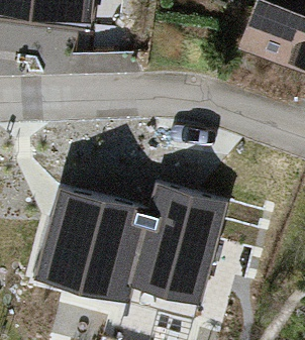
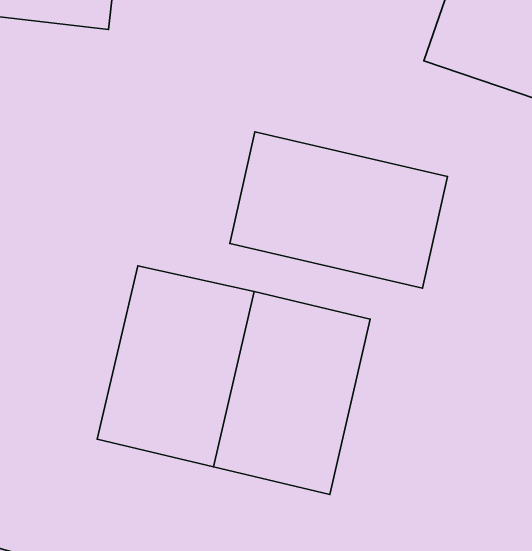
building: none -> [230,132,448,288]

